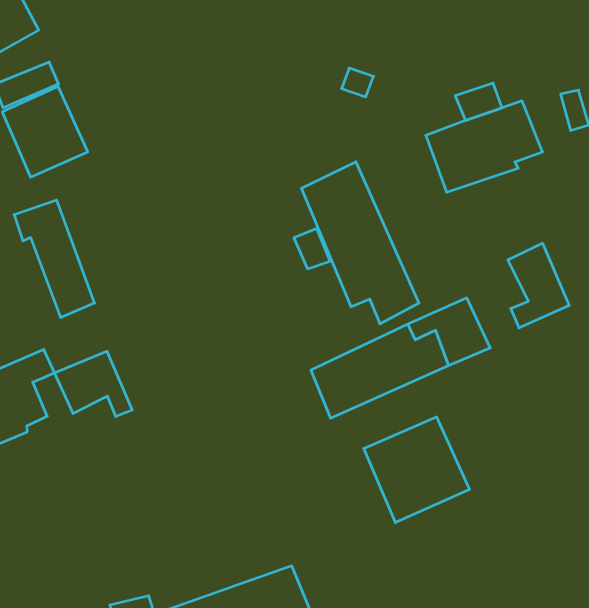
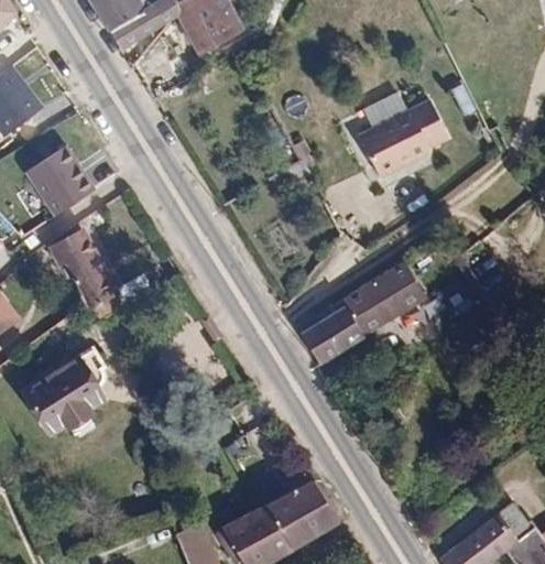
building: [302,162,419,324] -> none
building: [508,243,569,328] -> none
building: [54,351,132,417] -> none
building: [364,417,469,523] -> none

